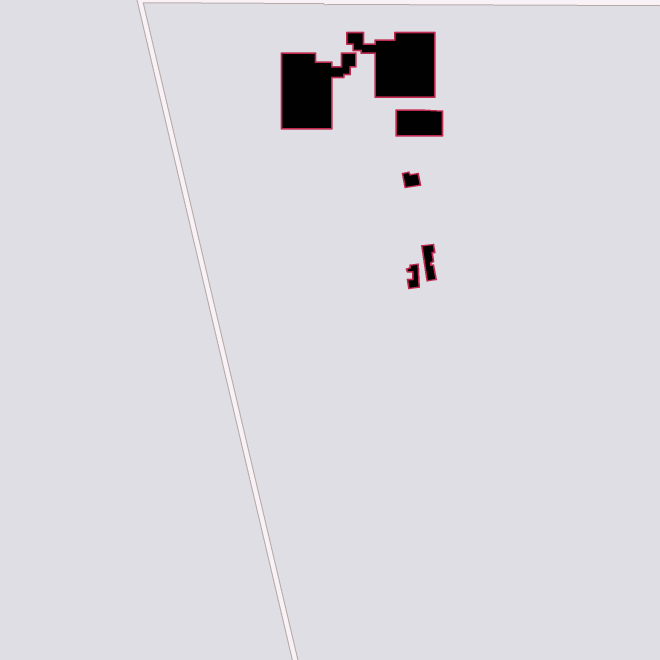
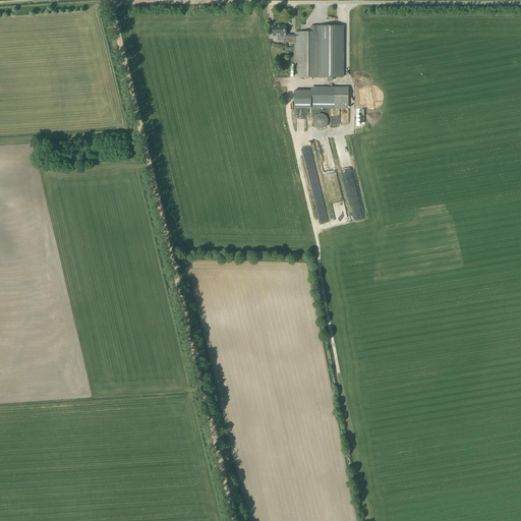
building: [282,53,356,129] -> none

